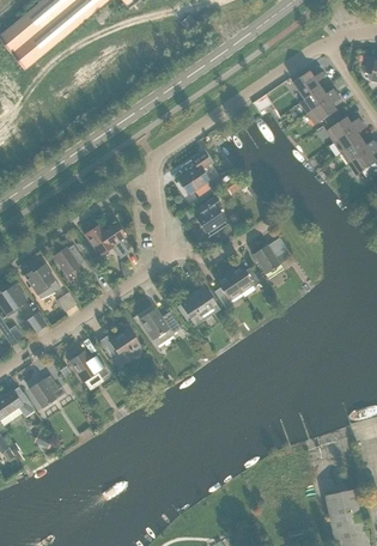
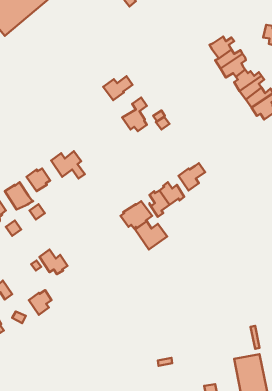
building: none -> [103,76,133,100]
building: [195,195,226,236] -> none
building: [139,308,181,345] -> [135,221,167,249]
building: [98,328,140,357] -> none
building: [29,375,59,407] -> [29,290,51,315]

